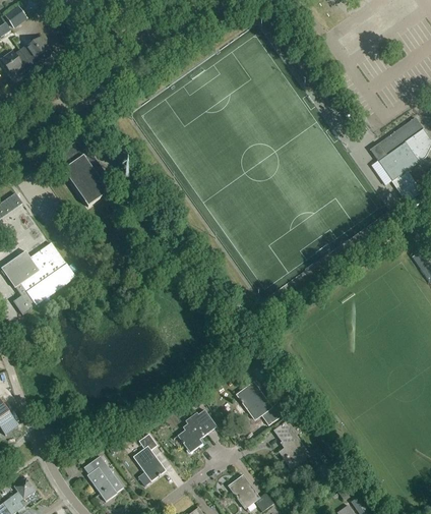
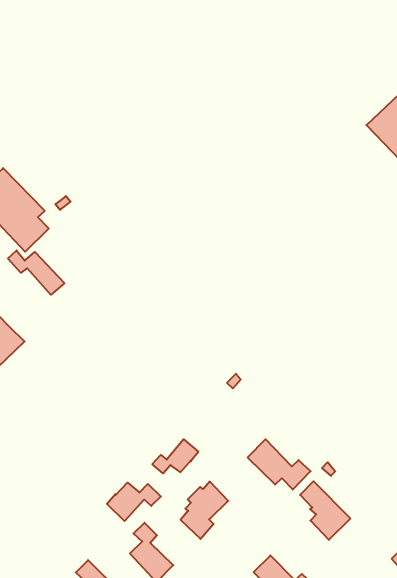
building: none -> [8,250,64,295]
building: none -> [152,439,198,473]
building: none -> [107,483,161,521]

